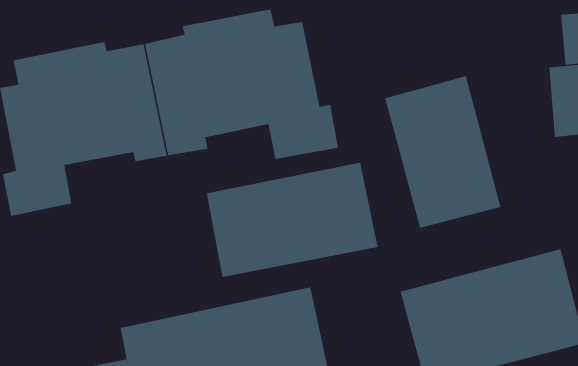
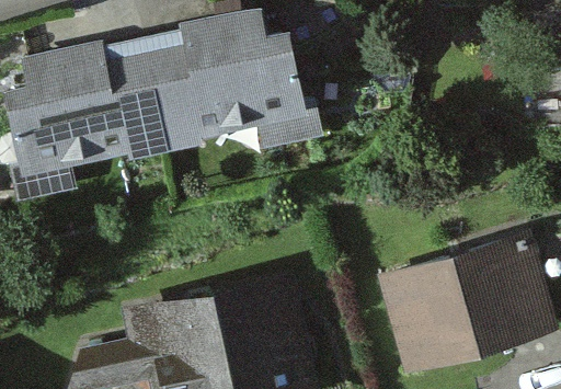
building: [384,75,502,229] -> none
building: [206,162,379,278] -> none

